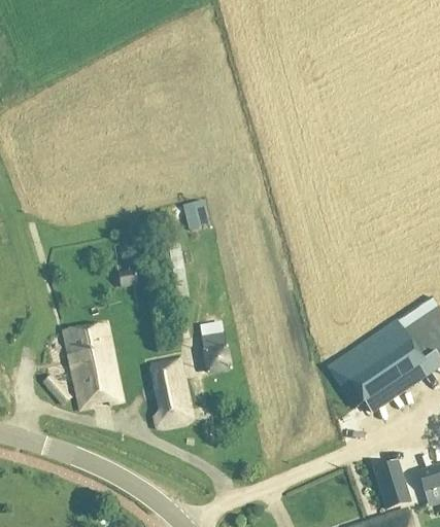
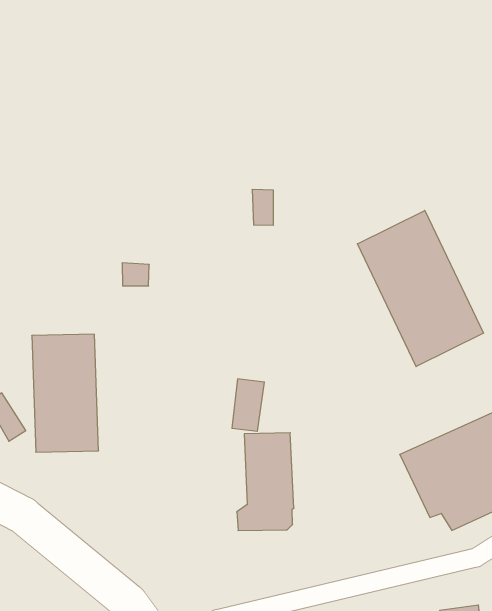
building: none -> [357,210,483,367]
building: [149,356,193,428] -> [237,433,294,530]

